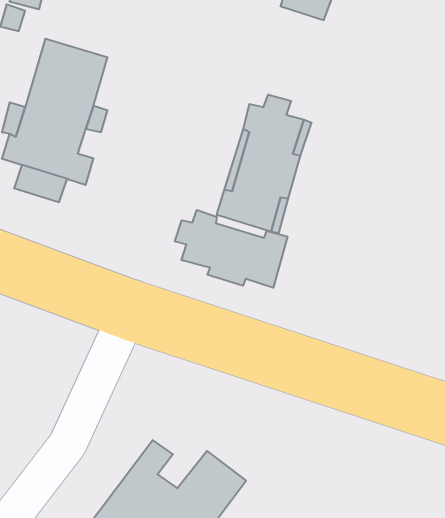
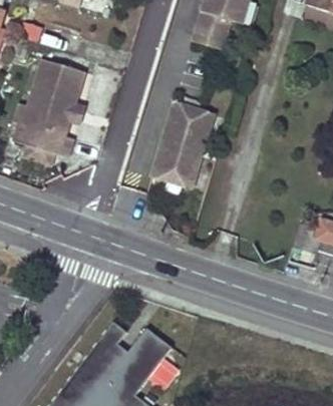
building: [175,210,287,288] -> none

